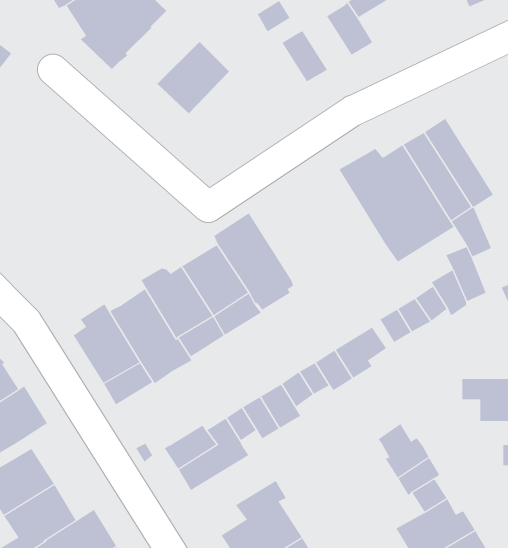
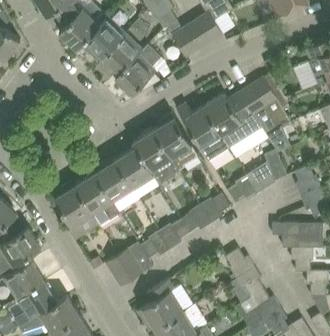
building: none -> [80,17,125,58]
building: none -> [115,45,161,95]
building: none -> [176,104,229,161]
building: none -> [153,113,198,171]

